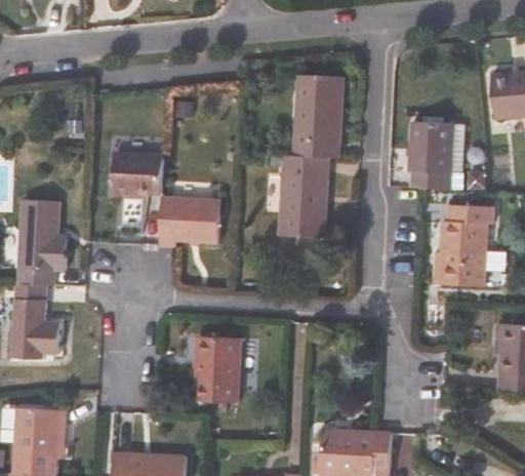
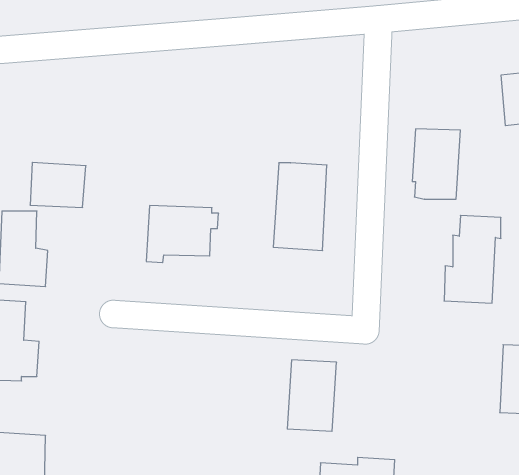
building: [294,75,342,156] -> none
building: [113,152,165,194] -> [30,162,86,207]
building: [195,335,241,402] -> [287,360,337,431]

